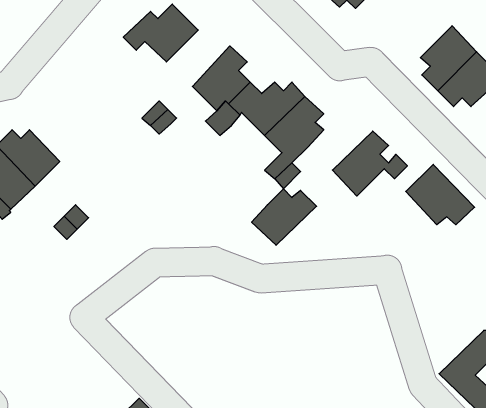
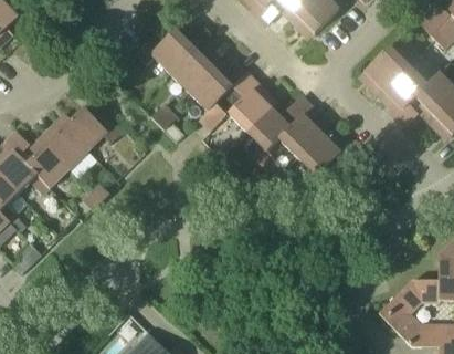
building: none -> [169,49,218,92]
building: none -> [64,106,122,149]
building: [406,164,475,225] -> none
building: [252,189,317,245] -> [277,113,327,156]

